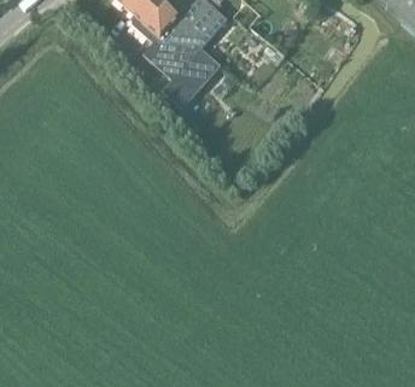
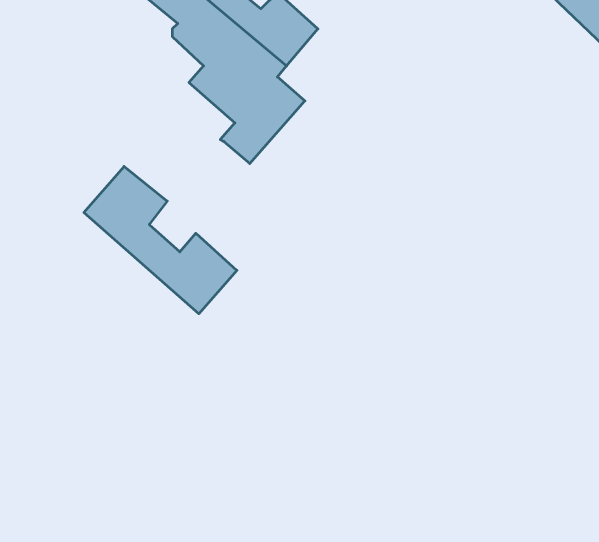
building: none -> [84,166,237,314]

